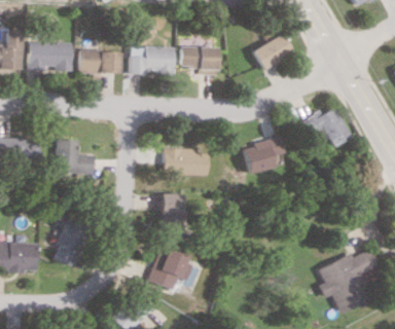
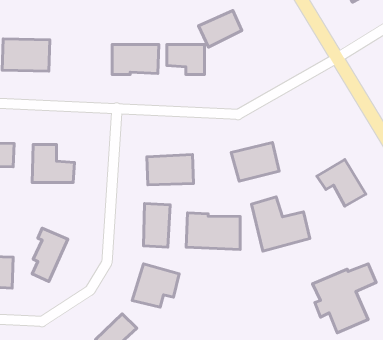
building: [252,34,292,68] -> [198,10,242,47]
building: [81,49,120,73] -> none
building: [307,104,352,147] -> [317,160,366,206]
building: none -> [252,197,310,251]
building: none -> [186,213,240,250]

